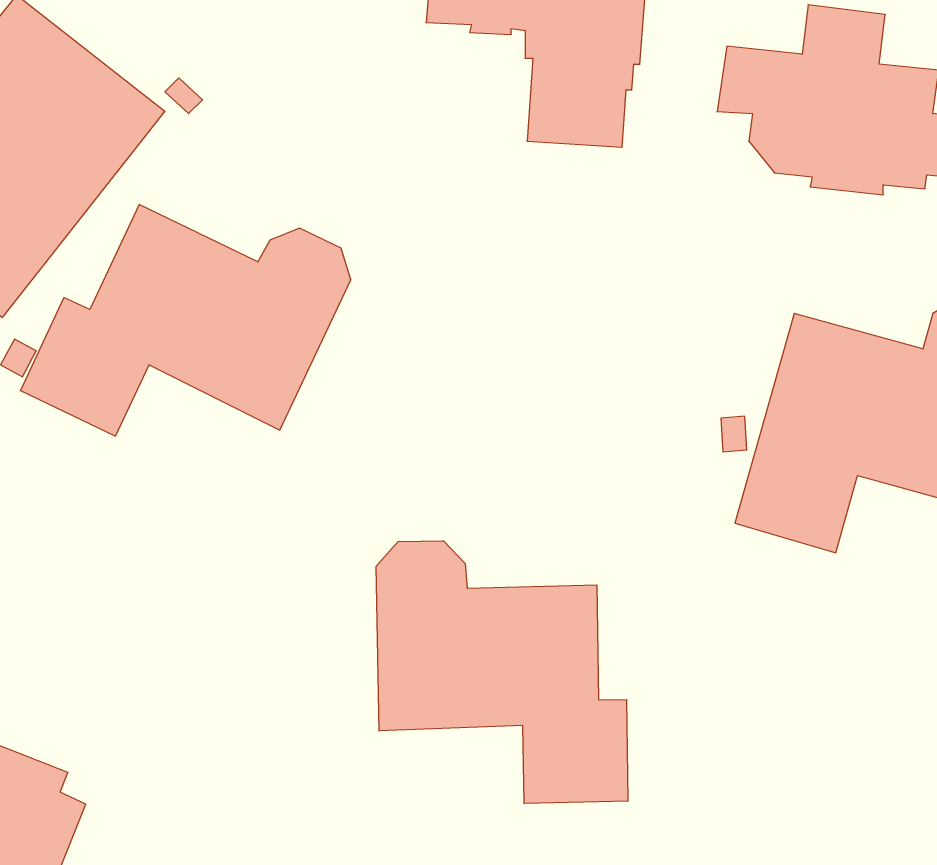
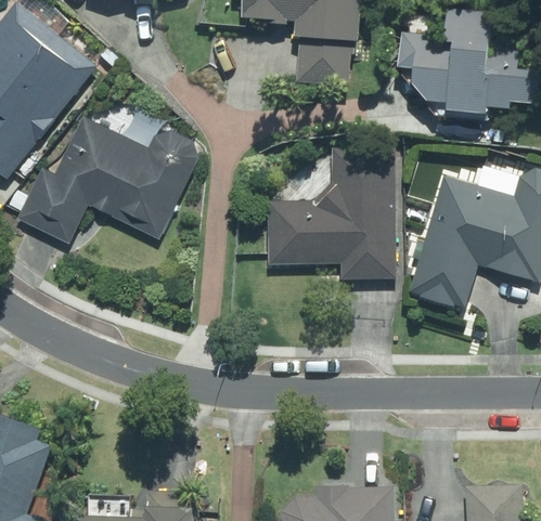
building: none -> [265,146,395,278]
building: [376,541,628,804] -> none

